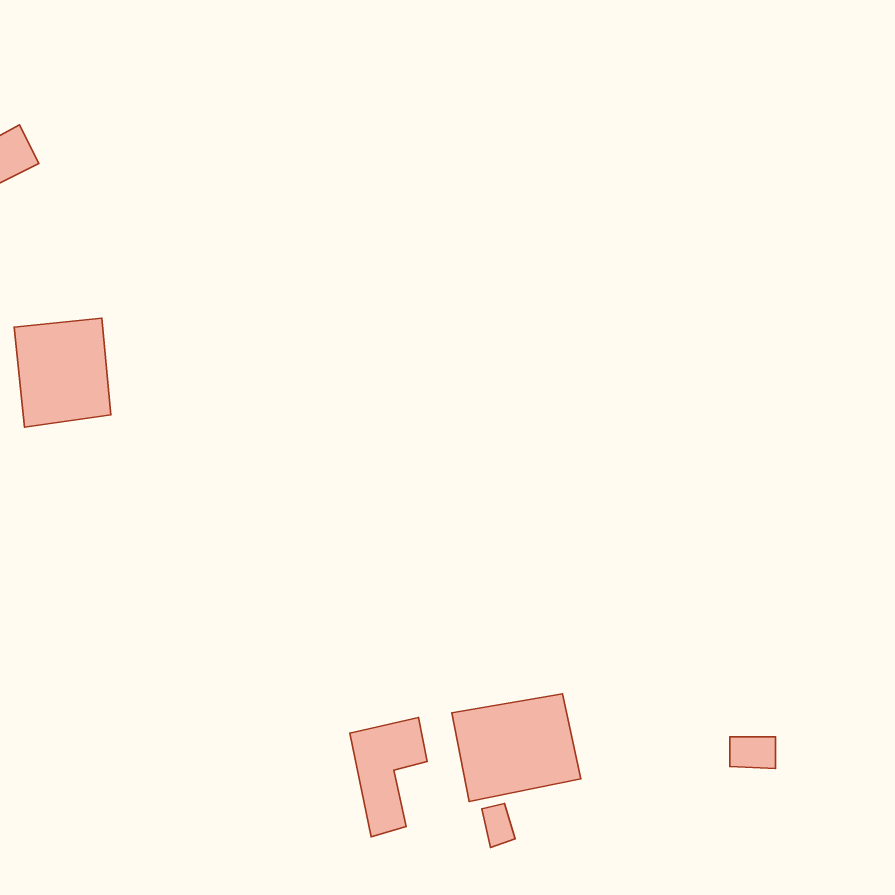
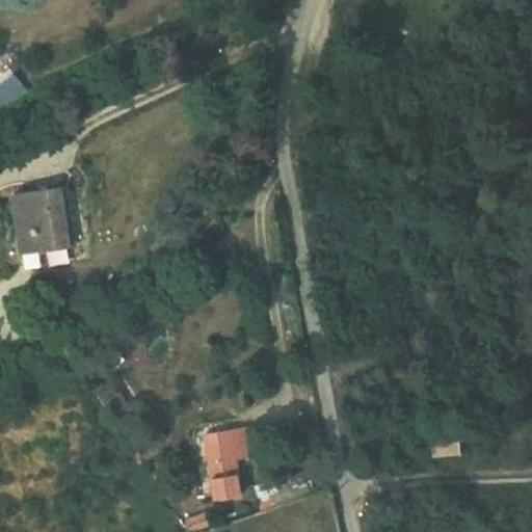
building: [452,694,581,801] -> none

